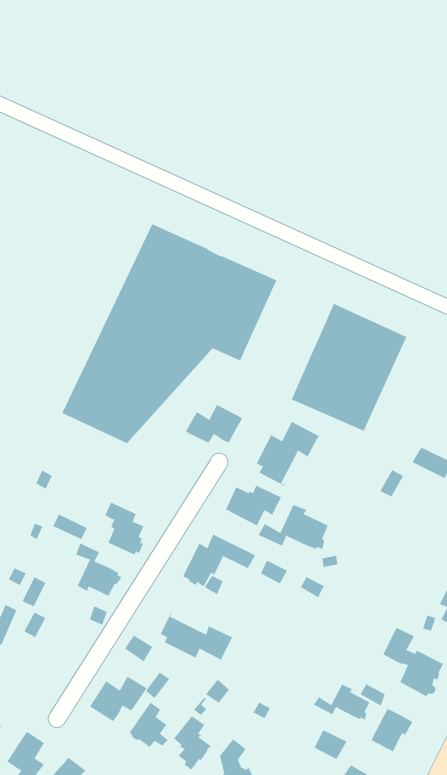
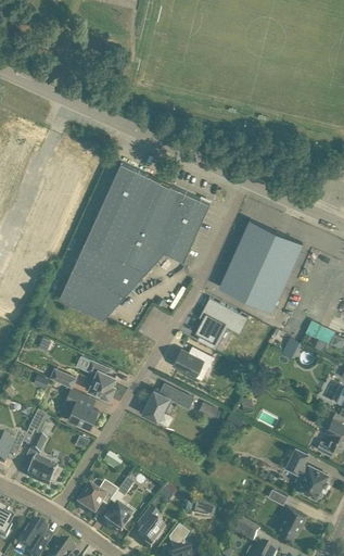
building: [185,404,243,443] -> none
building: [258,504,329,551] -> none
building: [160,613,233,661] -> none
building: none -> [26,459,61,488]
building: [313,684,370,721] -> none

